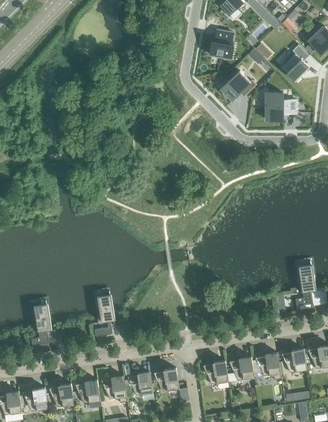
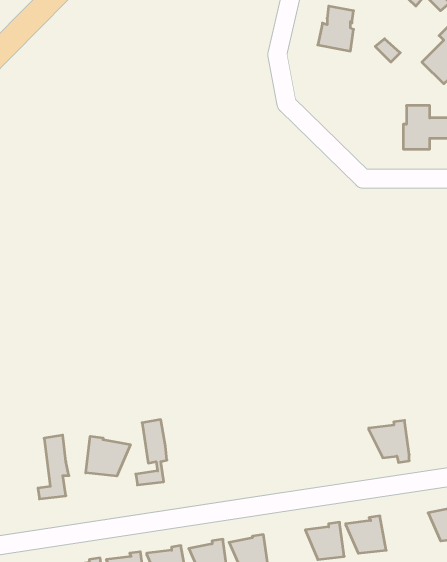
building: [221,70,257,100] -> none
building: none -> [86,436,130,476]
building: [255,352,281,379] -> [369,420,409,462]

